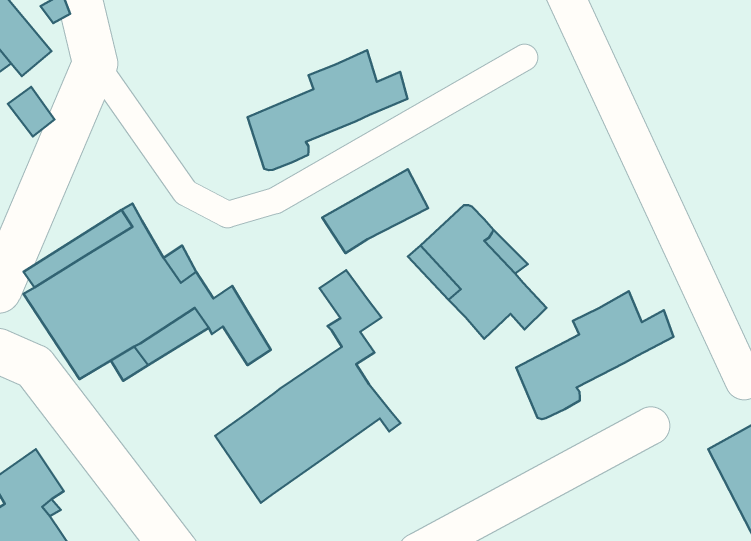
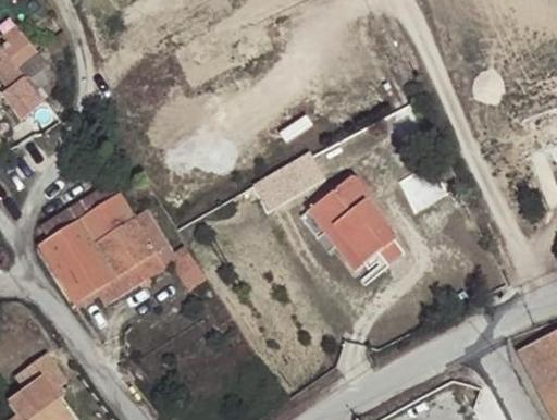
building: [248,50,407,170] -> none
building: [215,270,401,503] -> none
building: [516,291,674,419] -> none

